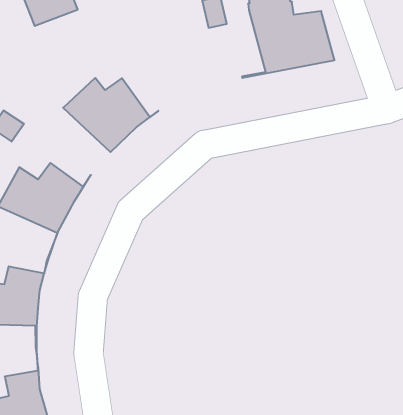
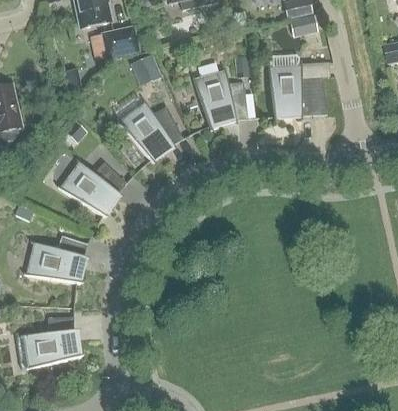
building: none -> [129,52,161,84]
building: none -> [192,70,255,125]

